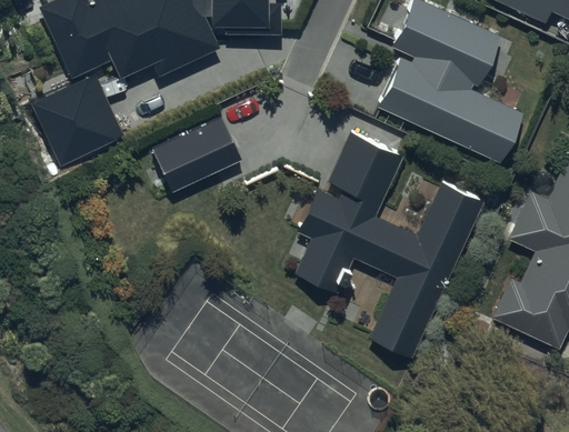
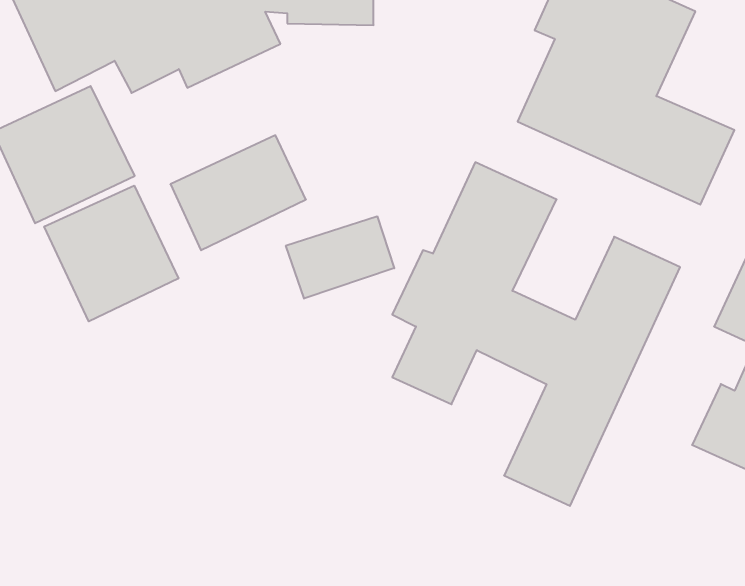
building: none -> [44,186,178,321]
building: none -> [286,216,394,299]

